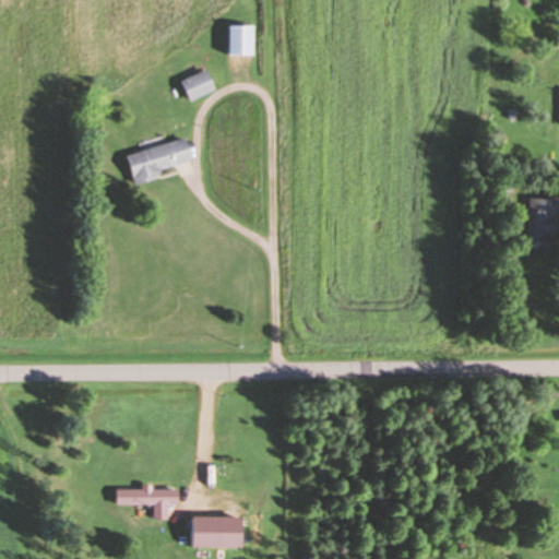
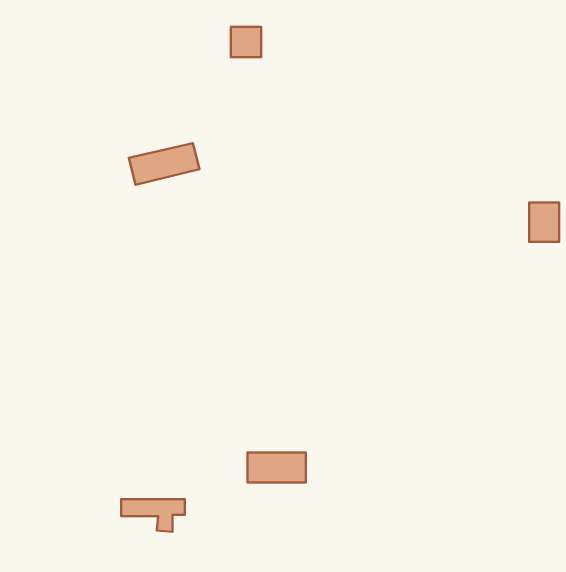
building: [182,70,215,100] -> none
building: [189,515,246,545] -> [248,452,306,483]

